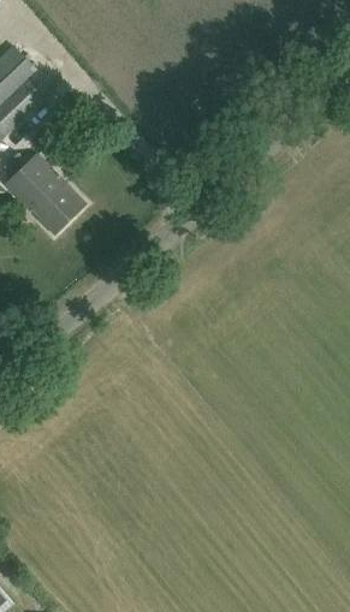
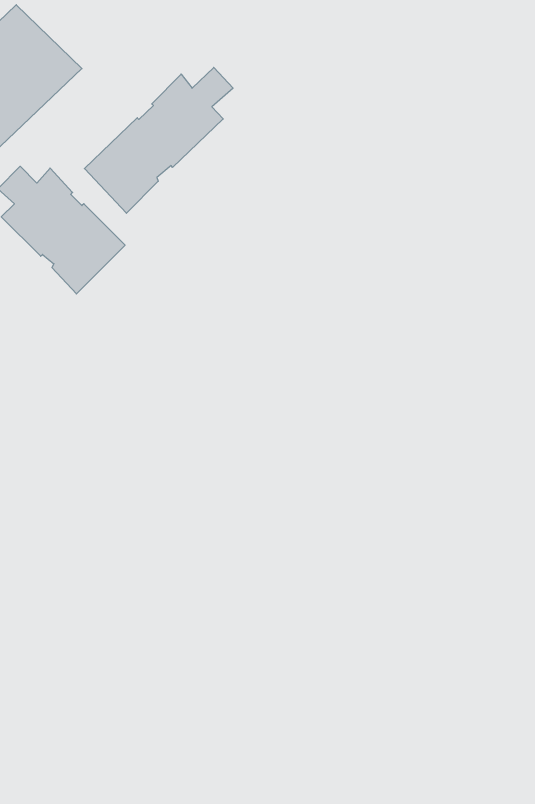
building: none -> [84,67,233,213]

